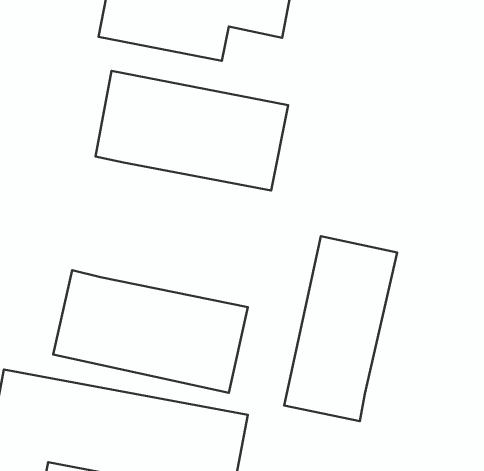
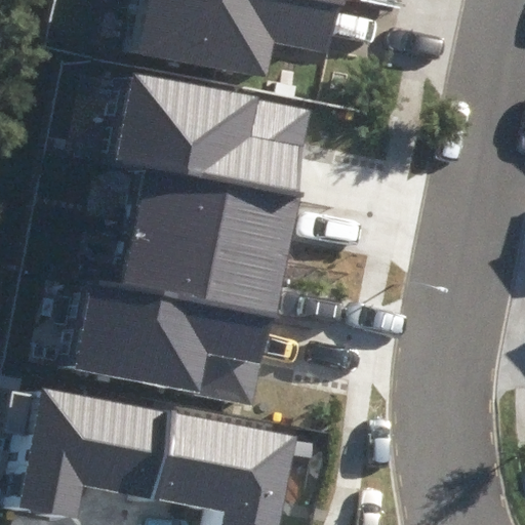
building: none -> [122,173,296,321]
building: [284,236,397,421] -> none

